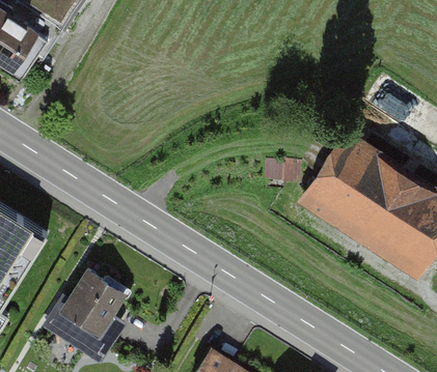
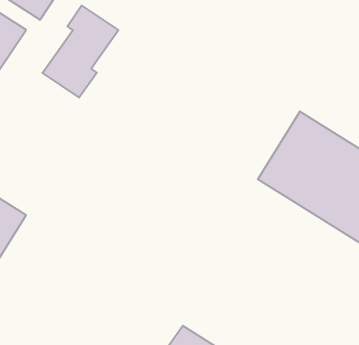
building: none -> [42,5,118,98]
building: [45,265,126,362] -> none

